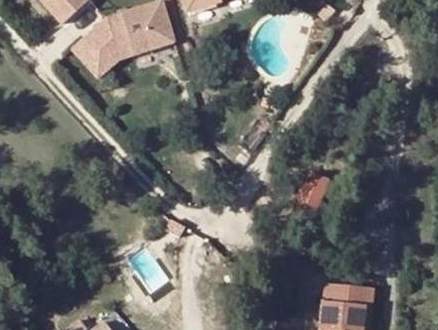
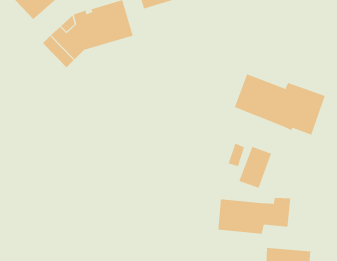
building: none -> [234,73,326,136]
building: none -> [218,197,291,234]

